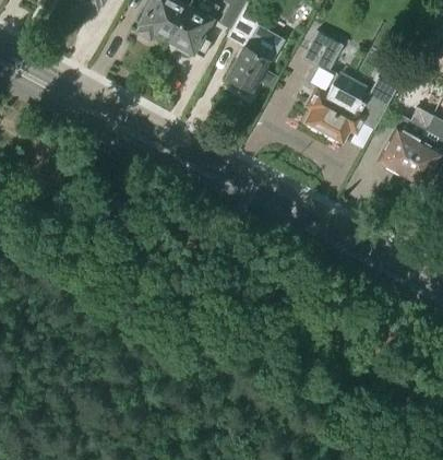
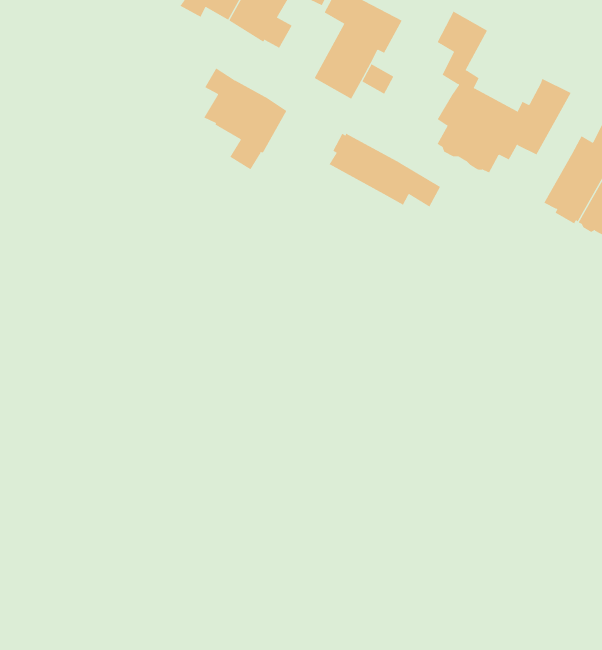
building: none -> [203,67,287,170]
building: none -> [329,133,441,207]

